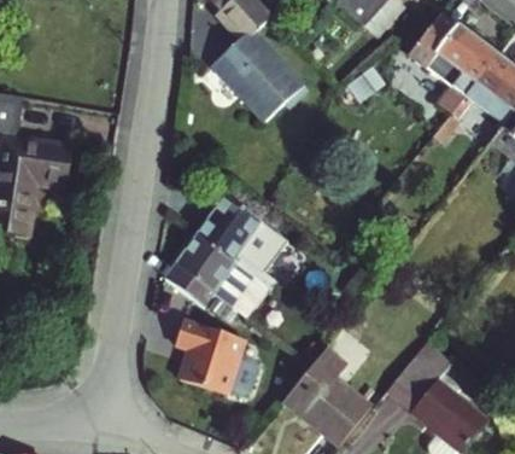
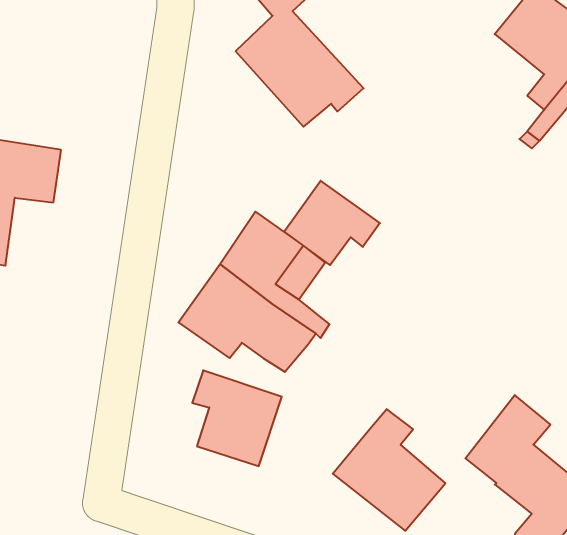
building: none -> [284,181,380,265]

